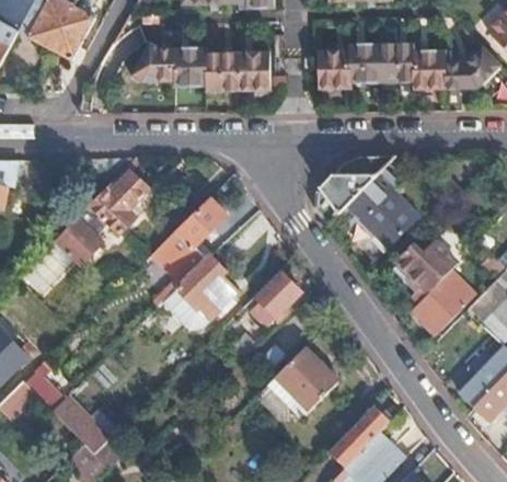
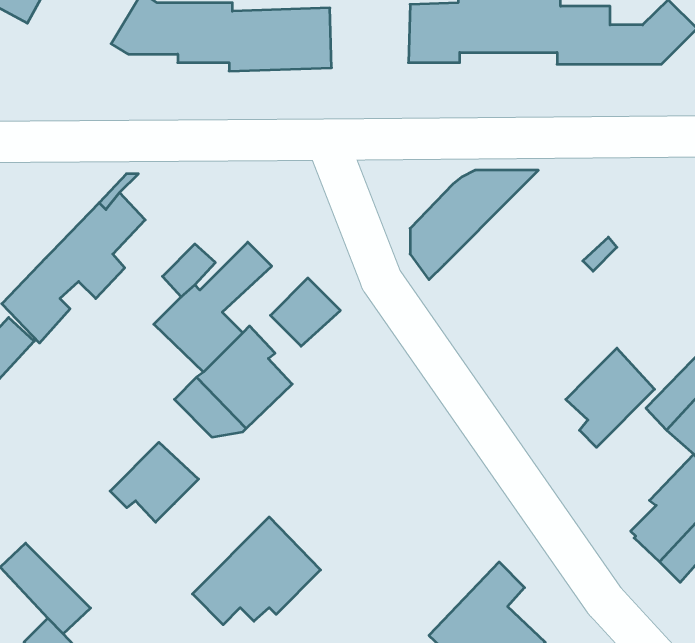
building: [338,171,419,249] -> none
building: [397,239,458,288] -> none
building: [256,272,301,315] -> [270,278,340,346]
building: none -> [110,442,199,522]
building: [256,349,338,418] -> [192,517,321,625]

